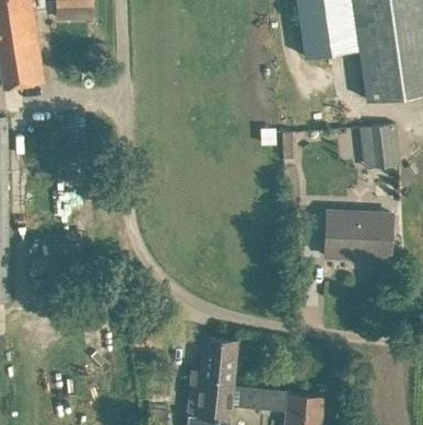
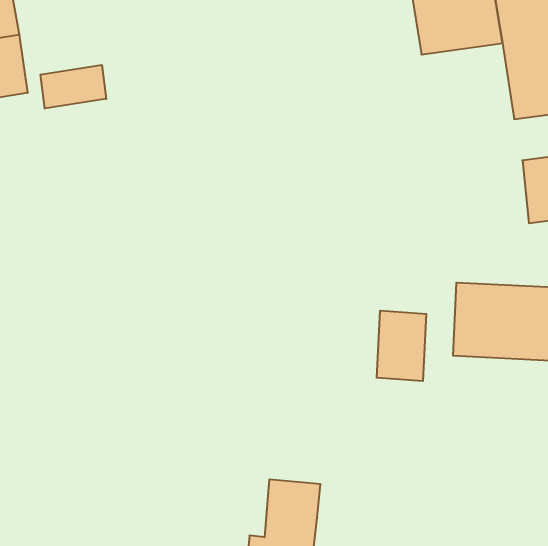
building: none -> [40,65,106,109]
building: none -> [377,311,426,381]

